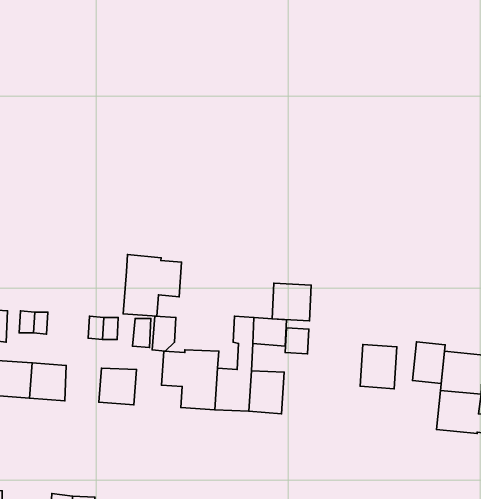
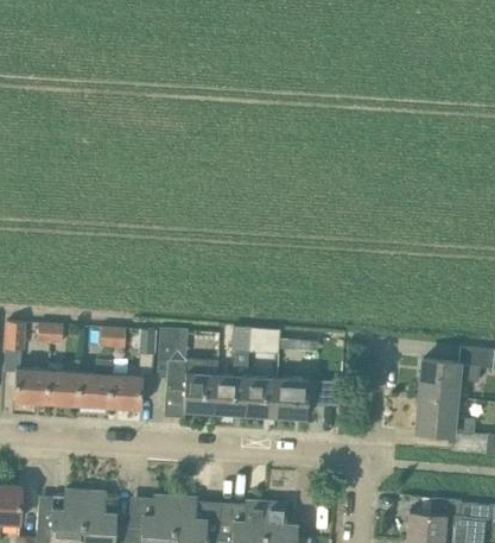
building: [123,254,181,316] -> none
building: [272,283,311,321] -> none
building: [413,342,445,384] -> none
building: [360,344,397,389] -> [274,379,307,419]
building: none -> [77,360,110,406]

